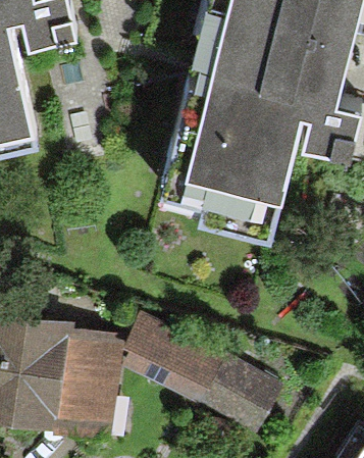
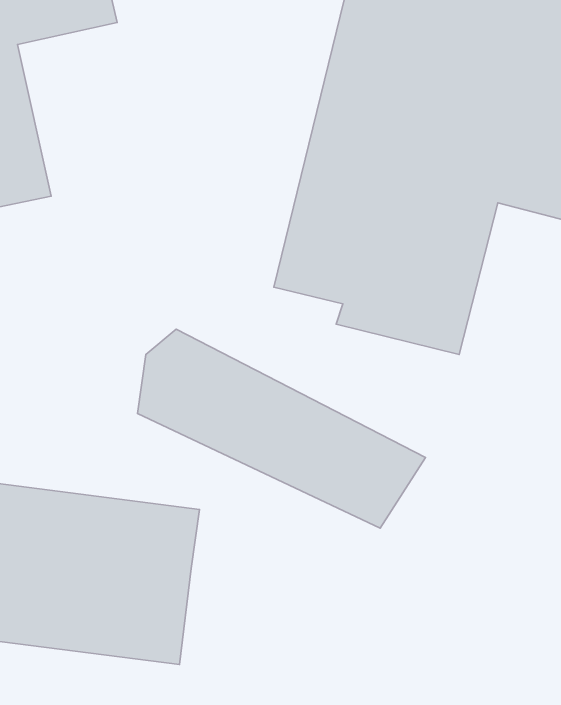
building: [117,312,292,432] -> [138,329,426,528]

